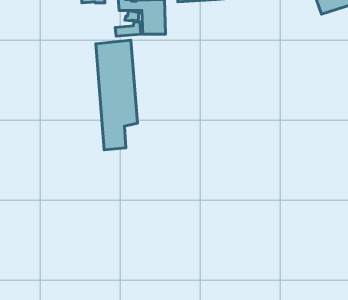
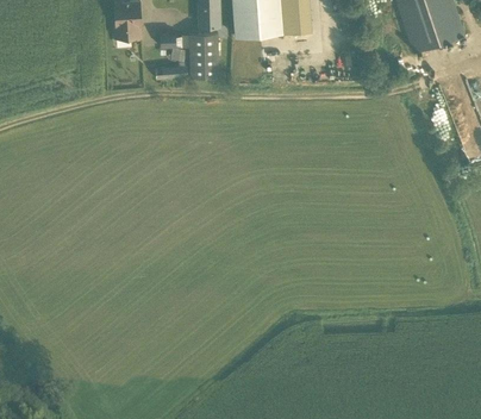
building: [96,40,138,150] -> none

